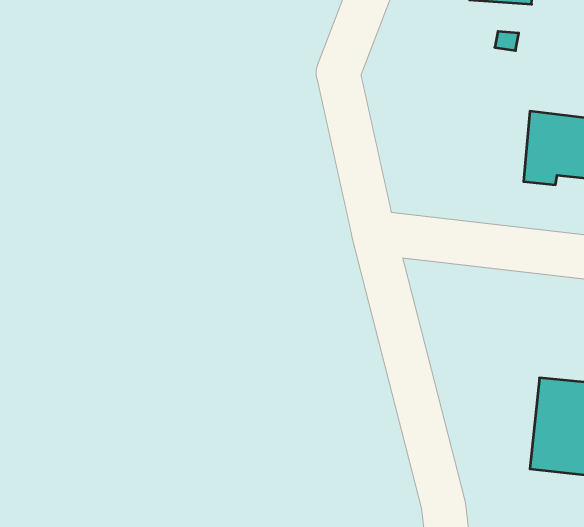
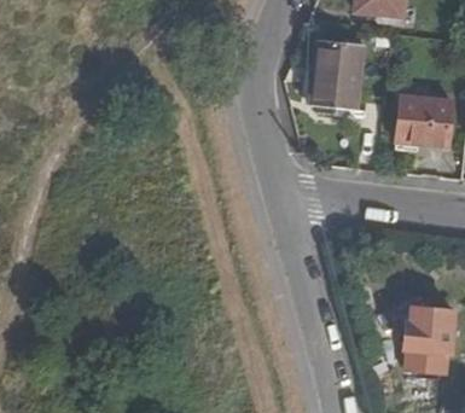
building: none -> [312,41,362,109]

